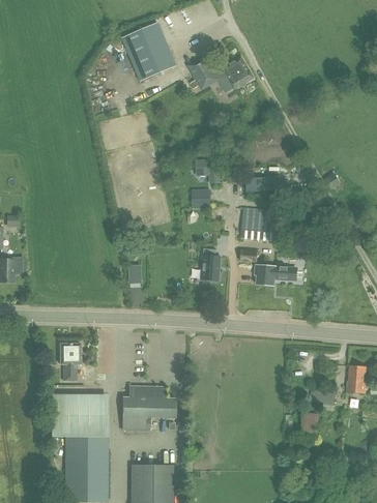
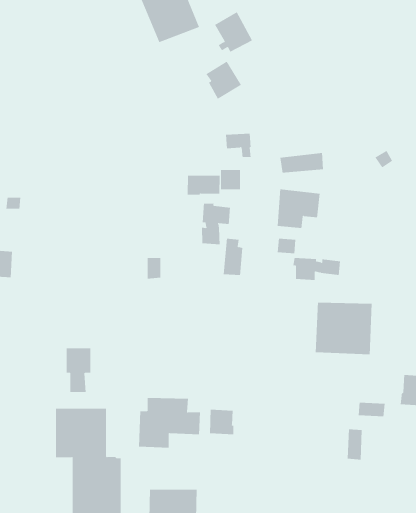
building: [224,56,255,89] -> [206,61,242,99]
building: none -> [187,175,220,196]
building: none -> [201,203,231,245]
building: none -> [315,302,372,355]
building: none -> [209,409,234,435]

